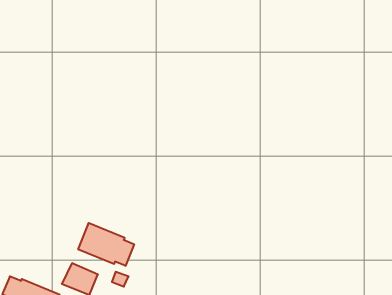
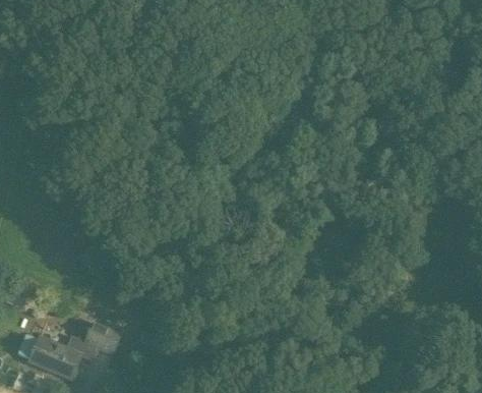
building: [78,223,134,266] -> none

